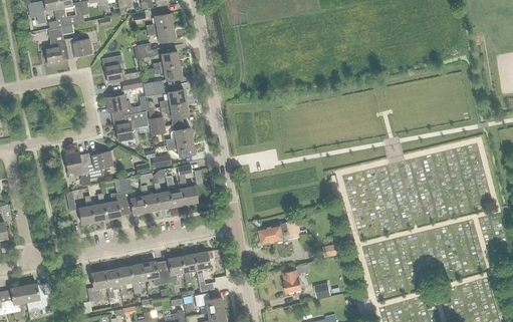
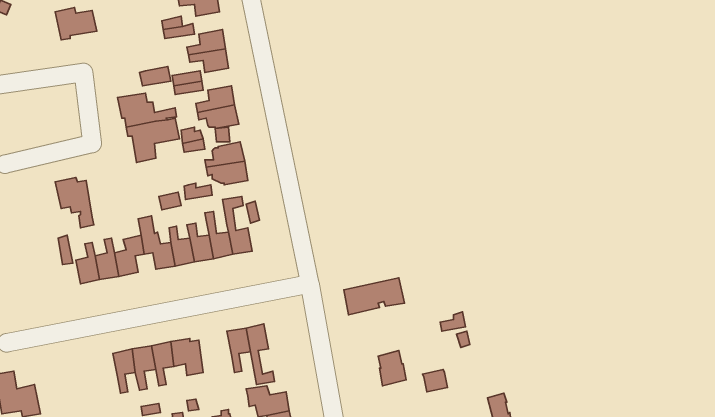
building: [45,39,68,65] -> none
building: [101,54,125,82] -> none
building: [85,151,112,179] -> none
building: [162,256,184,284] -> none
building: [87,271,106,301] -> none

